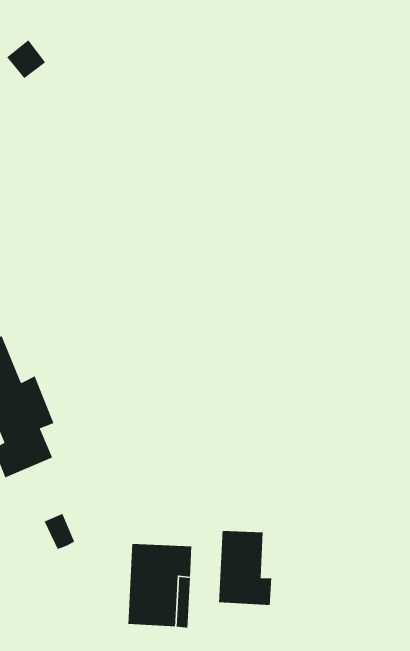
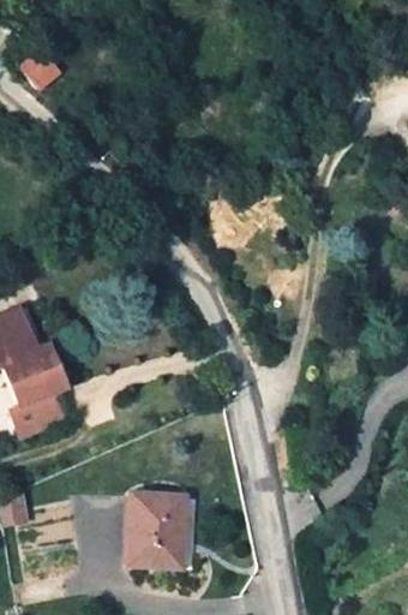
building: [218,530,272,606] -> none

